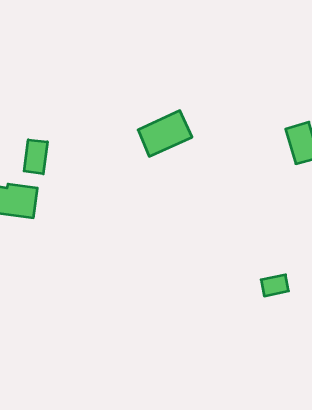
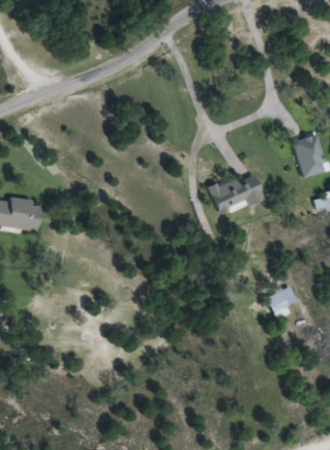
building: [138,111,192,156] -> [209,171,264,217]
building: [24,140,47,174] -> none

